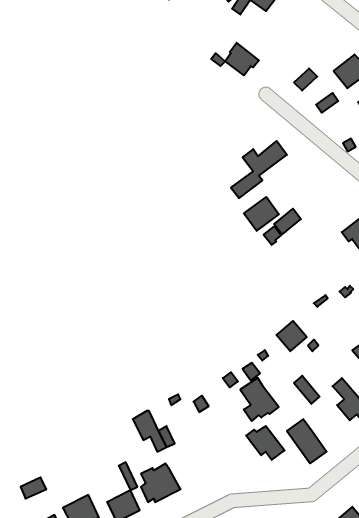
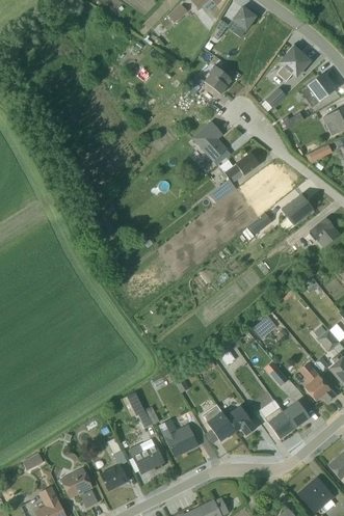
building: none -> [277,44,311,81]
building: none -> [191,120,228,162]
building: [244,197,279,231] -> [283,194,314,224]
building: [240,378,279,421] -> [203,405,237,443]
building: none -> [283,400,311,428]
building: none -> [160,418,199,456]

